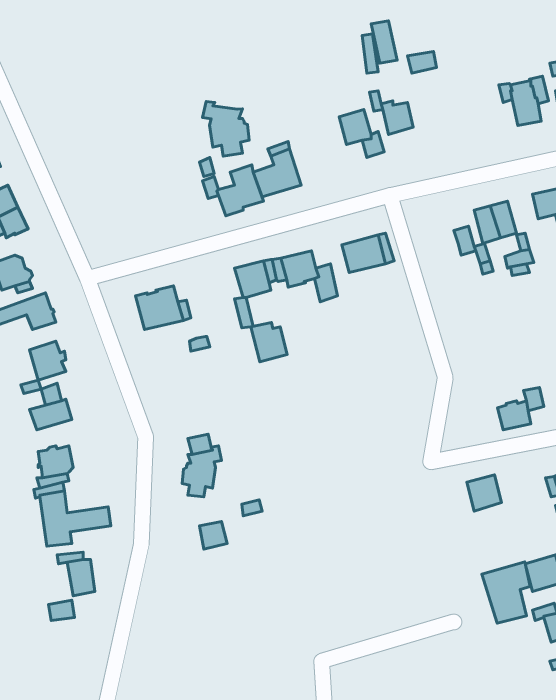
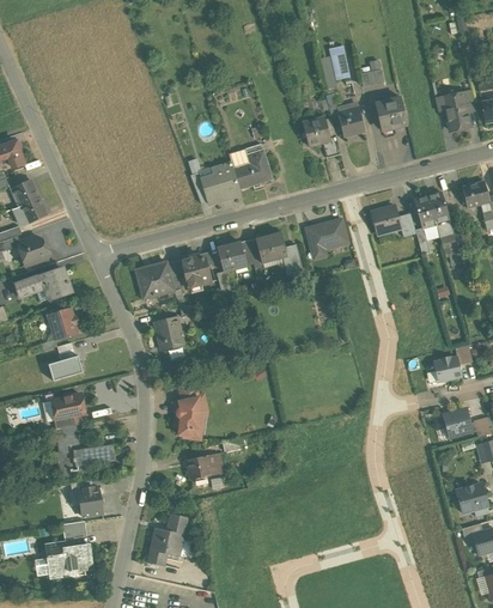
building: none -> [376,98,407,129]
building: [203,102,249,156] -> none
building: none -> [372,206,401,233]
building: [251,323,287,362] -> [181,256,211,288]
building: none -> [154,316,183,351]
building: [467,475,502,511] -> [443,408,471,438]
building: [482,562,530,623] -> none
building: none -> [148,513,187,565]
building: none -> [45,542,92,573]

